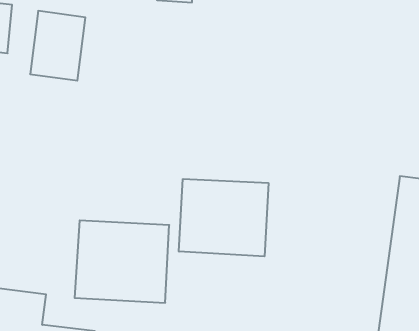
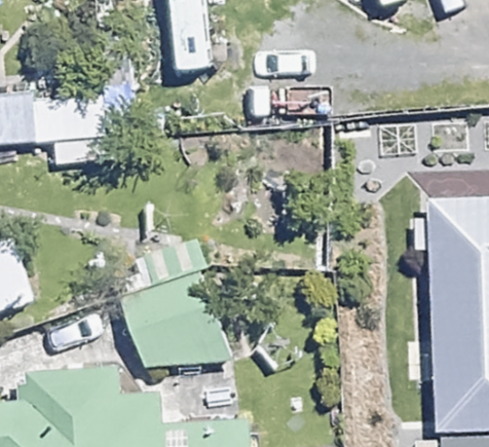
building: [179,179,268,256] -> none

